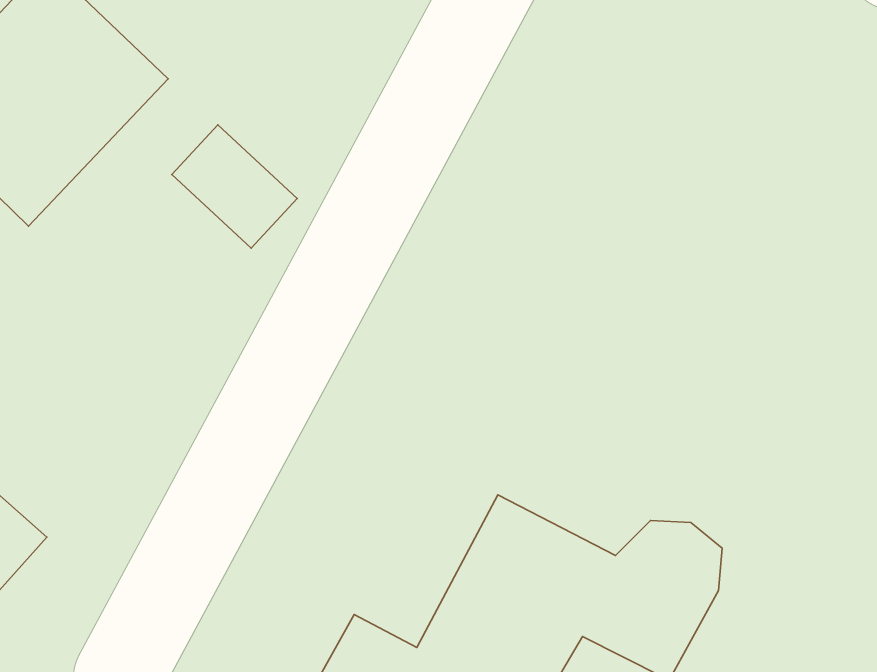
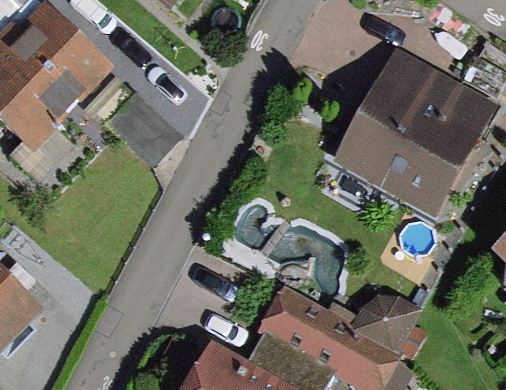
building: none -> [336,51,489,210]

